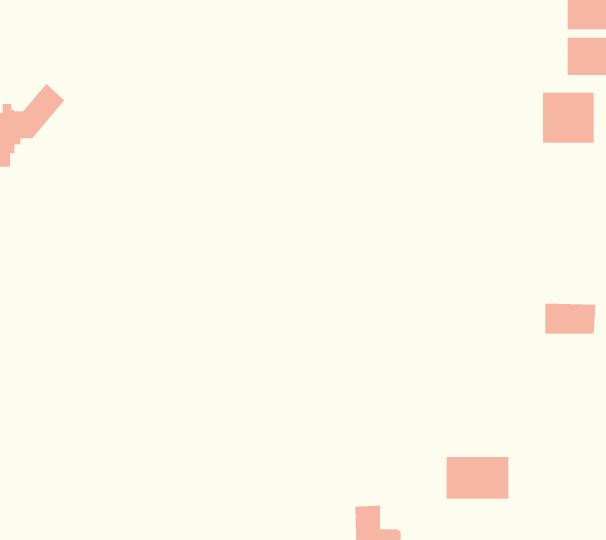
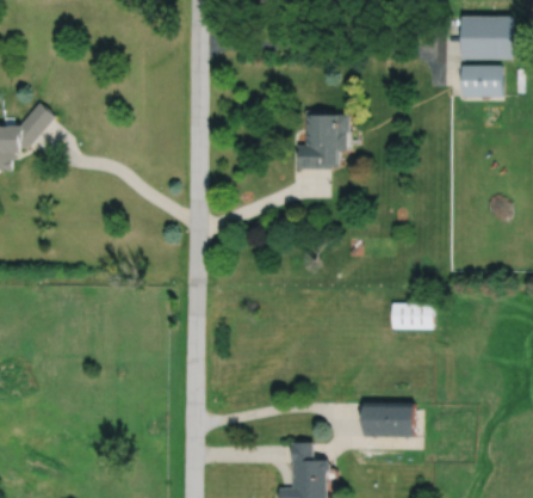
building: [543,92,594,144] -> none
building: none -> [297,111,348,170]
building: [544,303,596,334] -> [391,305,433,330]

